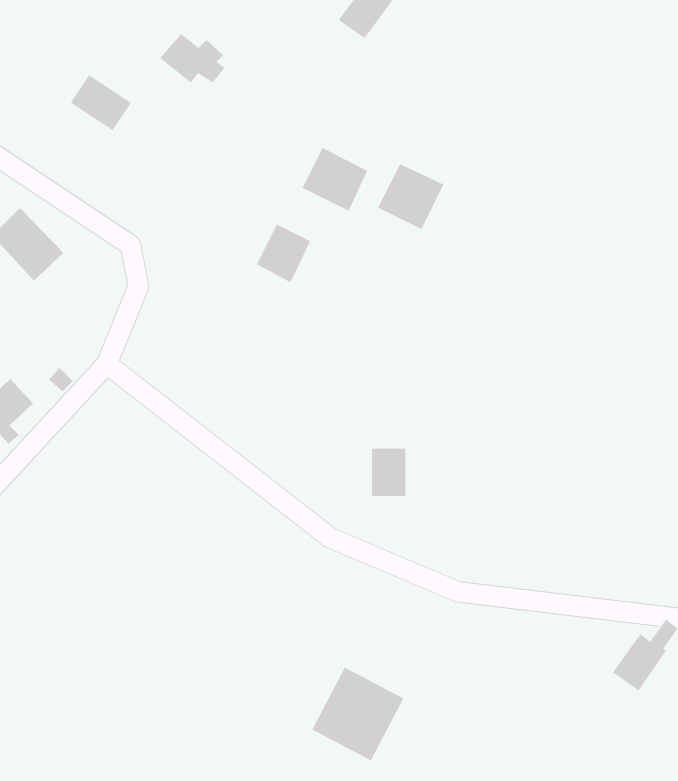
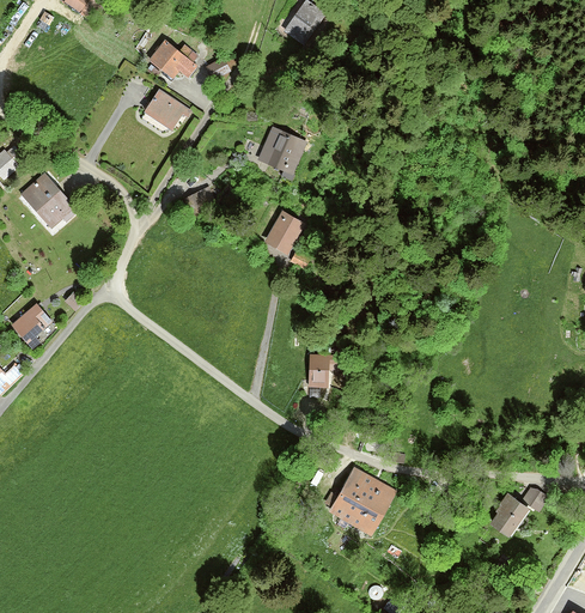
building: [70,74,132,131] -> [142,90,189,133]
building: [377,163,445,230] -> none
building: [256,223,311,284] -> [264,210,306,255]
building: [311,667,405,762] -> [328,465,398,536]

